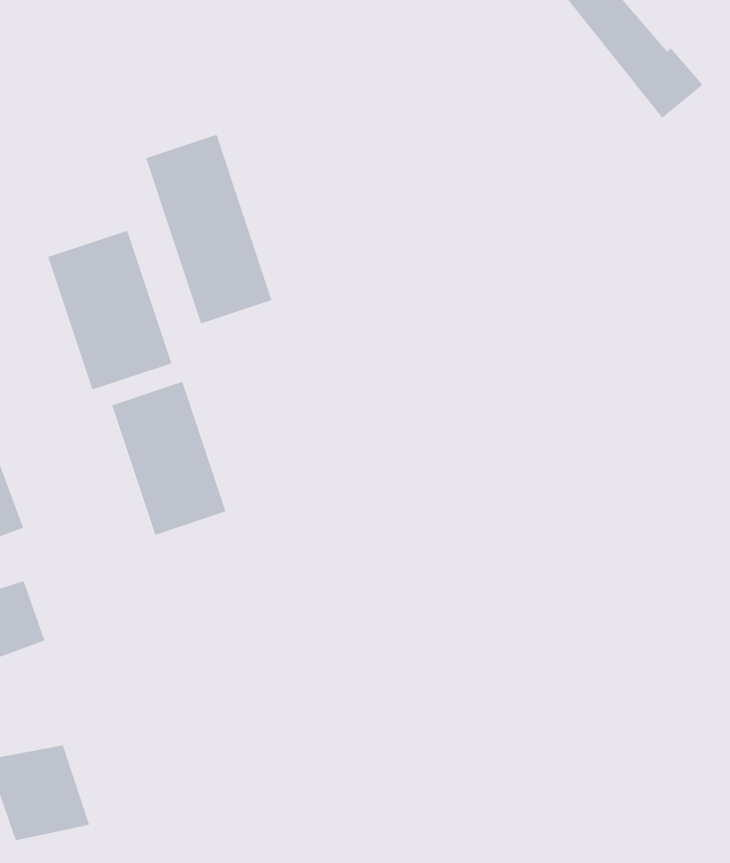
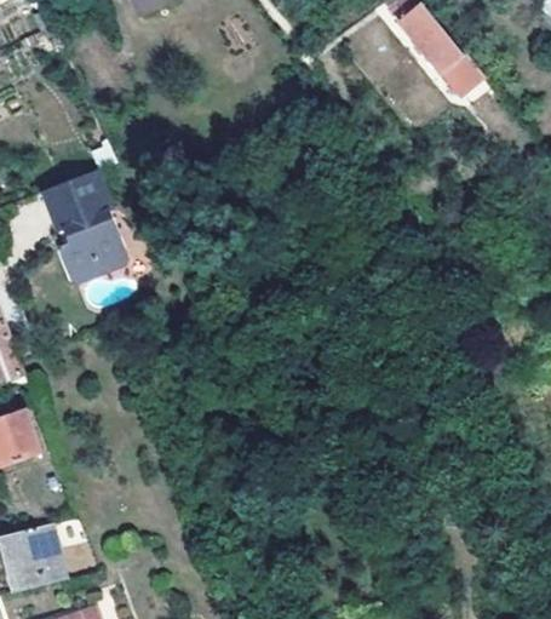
building: [145,134,273,324] -> none
building: [111,381,227,536] -> none

